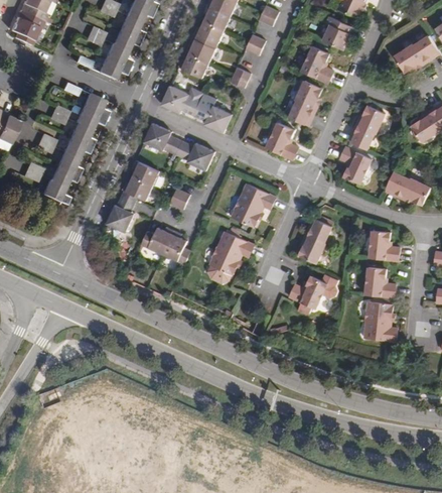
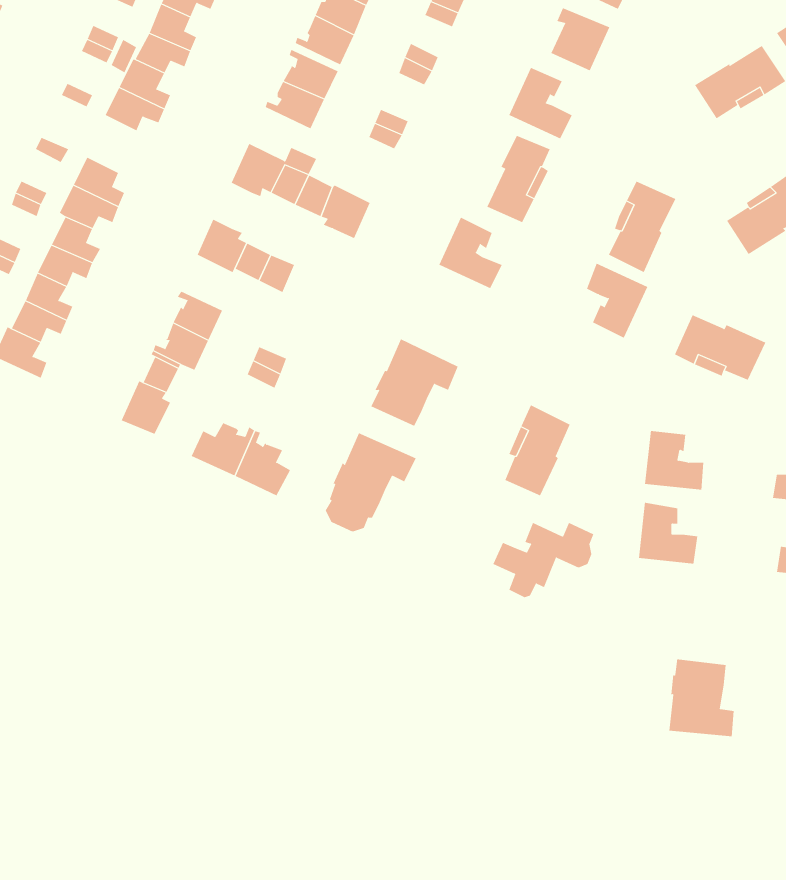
building: [185,145,212,170] -> none
building: [364,300,398,340] -> [669,659,734,737]

